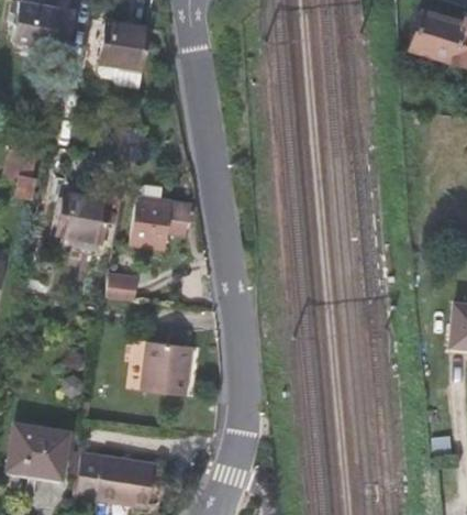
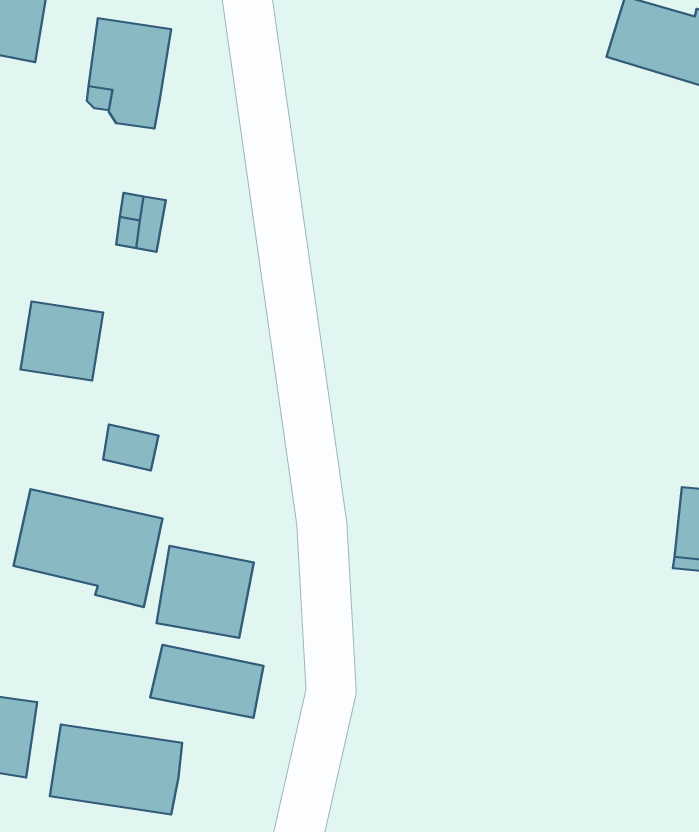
building: [136,187,189,251] -> none
building: none -> [13,489,163,607]
building: none -> [150,645,263,718]

